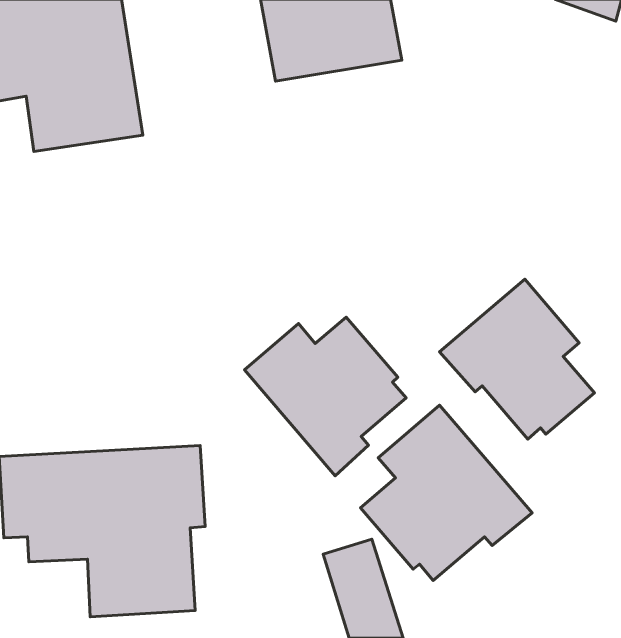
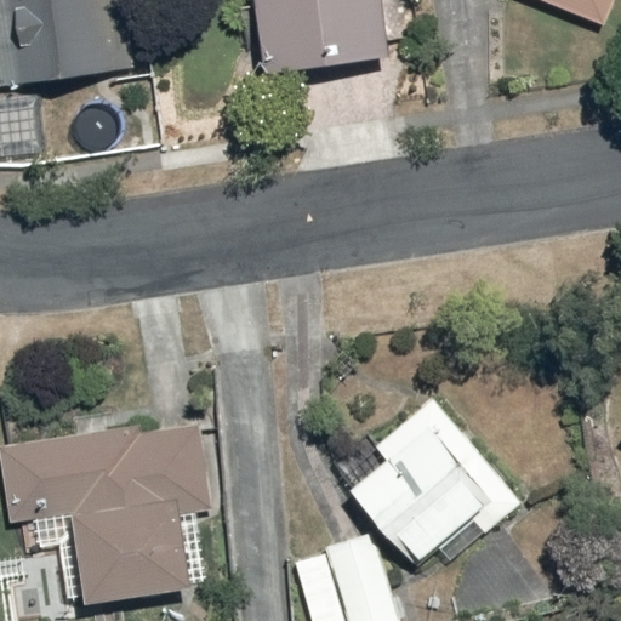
building: [439,279,594,439] -> none
building: [244,317,406,476] -> none

